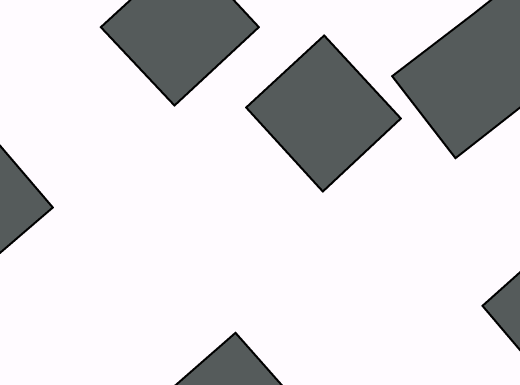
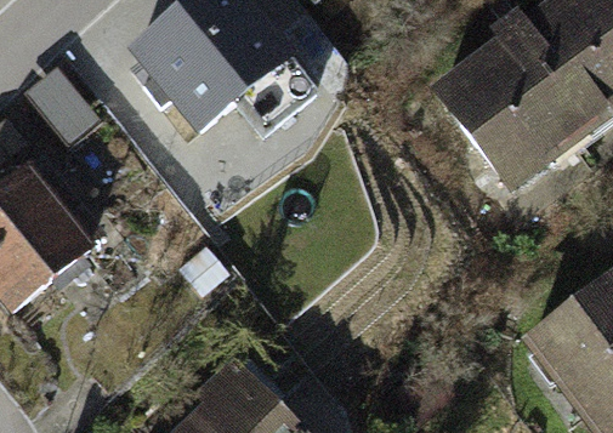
building: [246,36,401,192] -> none

